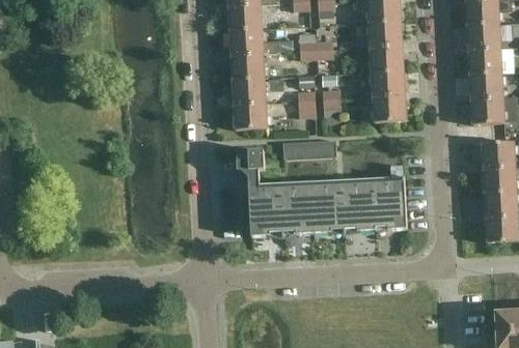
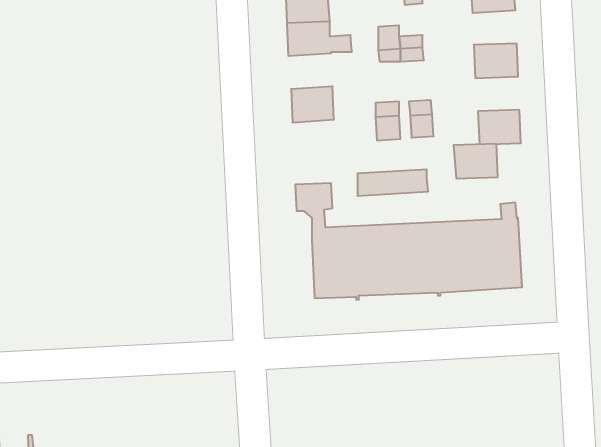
building: [368,21,402,47] -> none
building: [230,53,264,80] -> none
building: [371,70,404,96] -> [453,144,498,179]
building: [234,103,267,129] -> none

